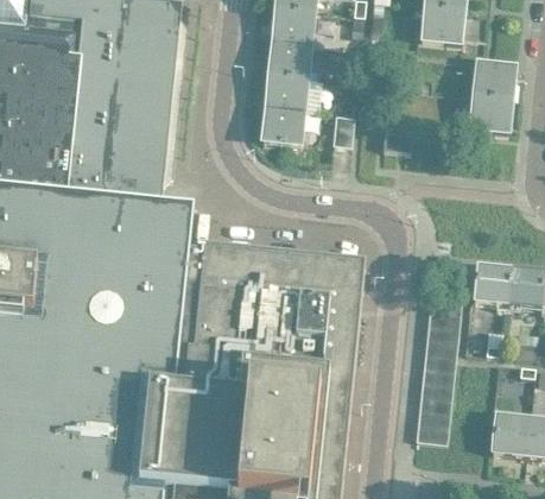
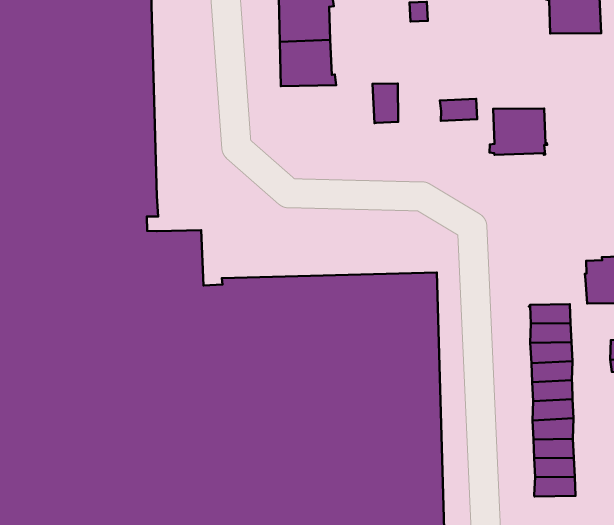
building: [465,90,511,130] -> [489,109,547,155]
building: [262,103,310,141] -> none

